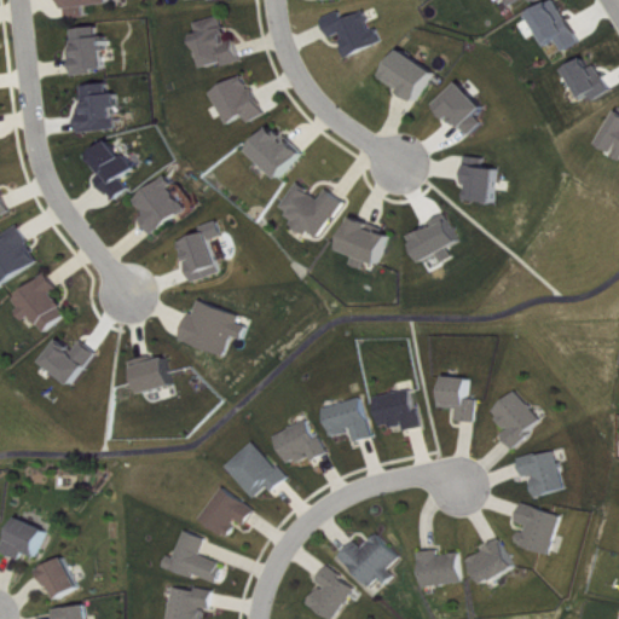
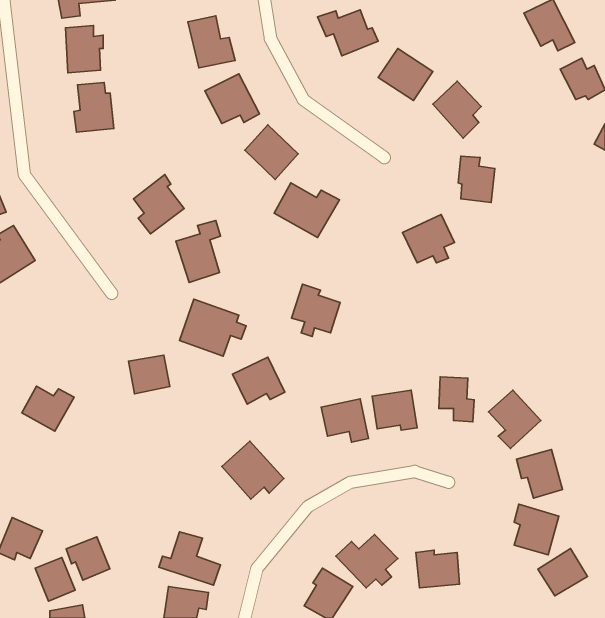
building: [83,139,134,199] -> none
building: [336,216,384,268] -> [292,284,340,336]
building: [6,272,63,332] -> none
building: [39,339,91,383] -> [22,386,74,431]
building: [271,418,323,465] -> [233,357,285,404]
building: [196,486,251,538] -> none
building: none -> [66,537,110,580]
building: [463,538,513,585] -> [538,549,587,596]

